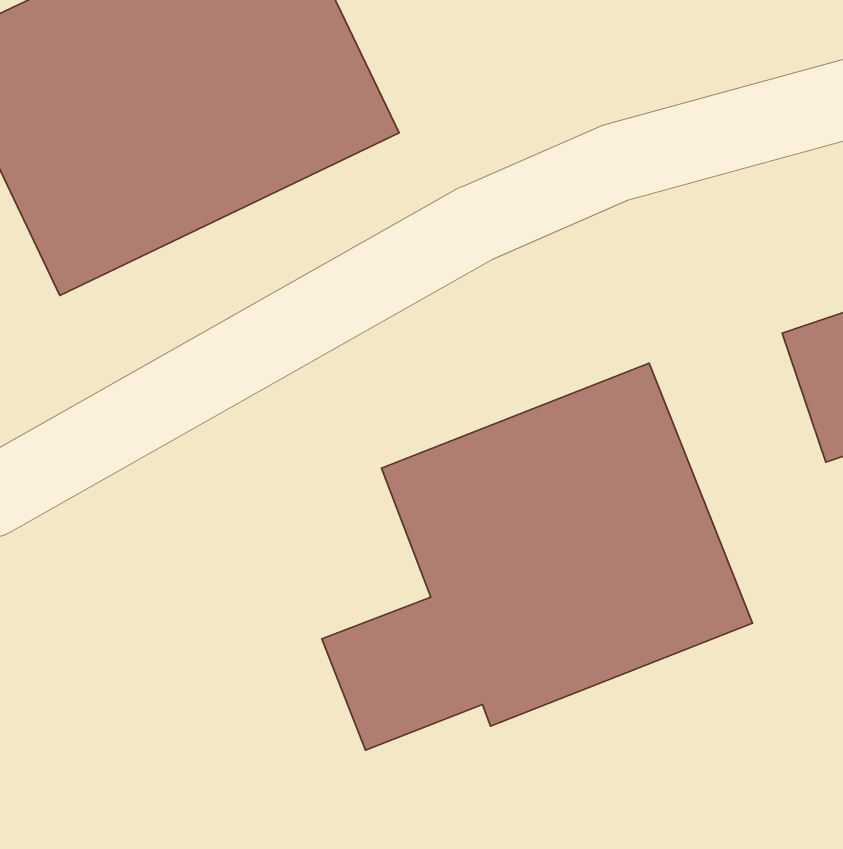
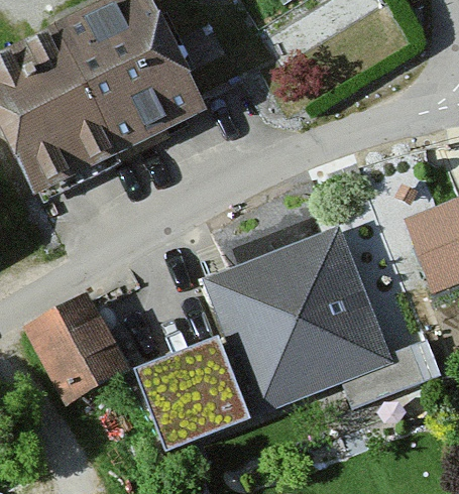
building: none -> [28,298,132,411]

